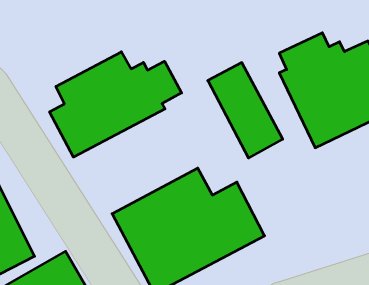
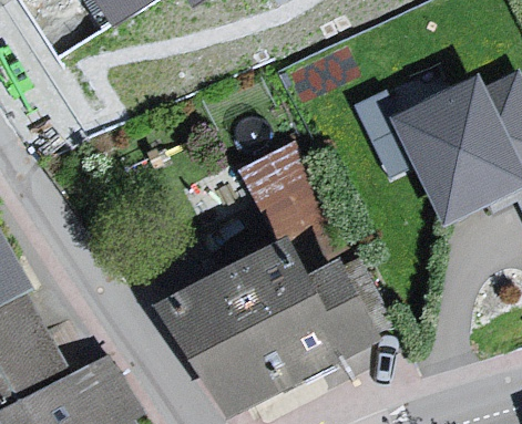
building: [50,52,182,157] -> none
building: [208,63,283,158] -> [245,147,347,277]

